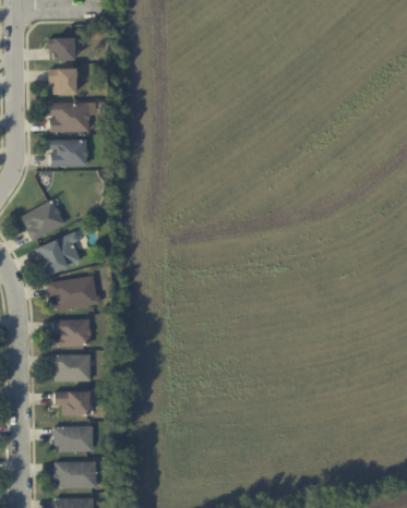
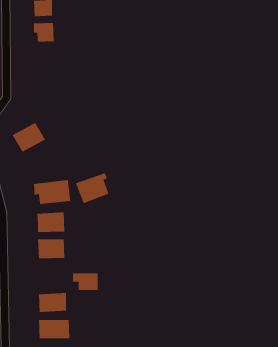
building: [49,102,88,132] -> none
building: [49,138,87,166] -> none
building: [35,232,81,275] -> [75,172,109,204]
building: [55,391,89,415] -> [72,273,99,291]

